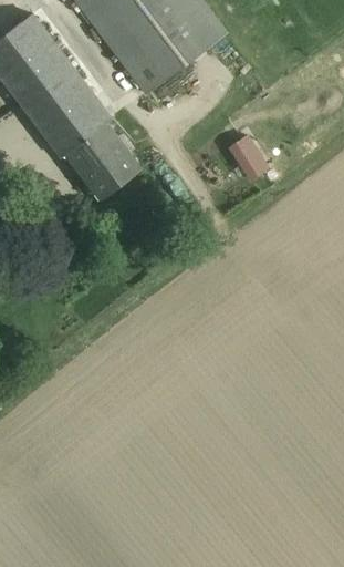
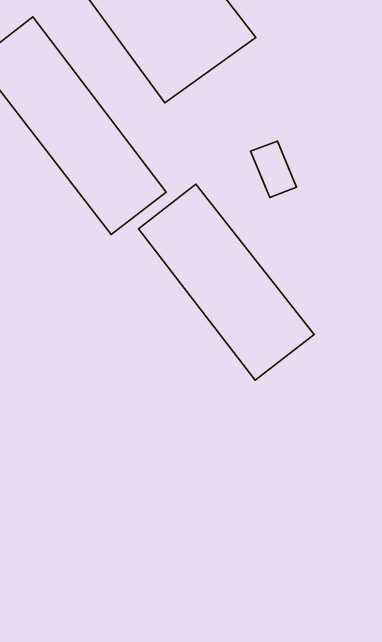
building: none -> [138,184,314,380]

